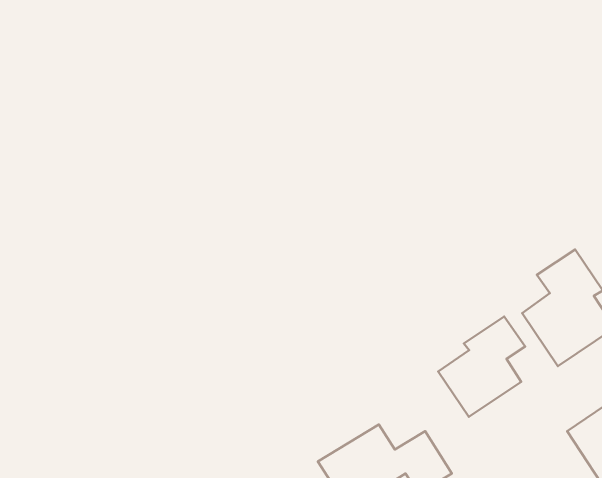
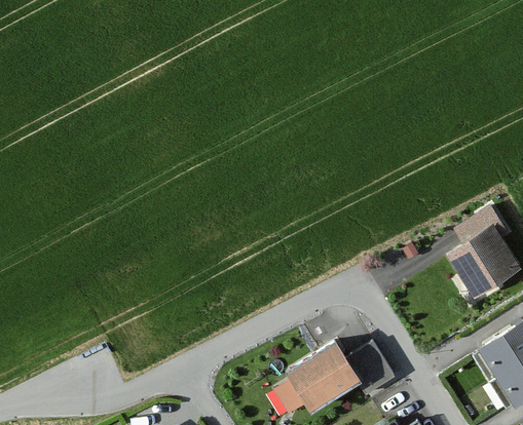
building: [438,317,525,417] -> none

